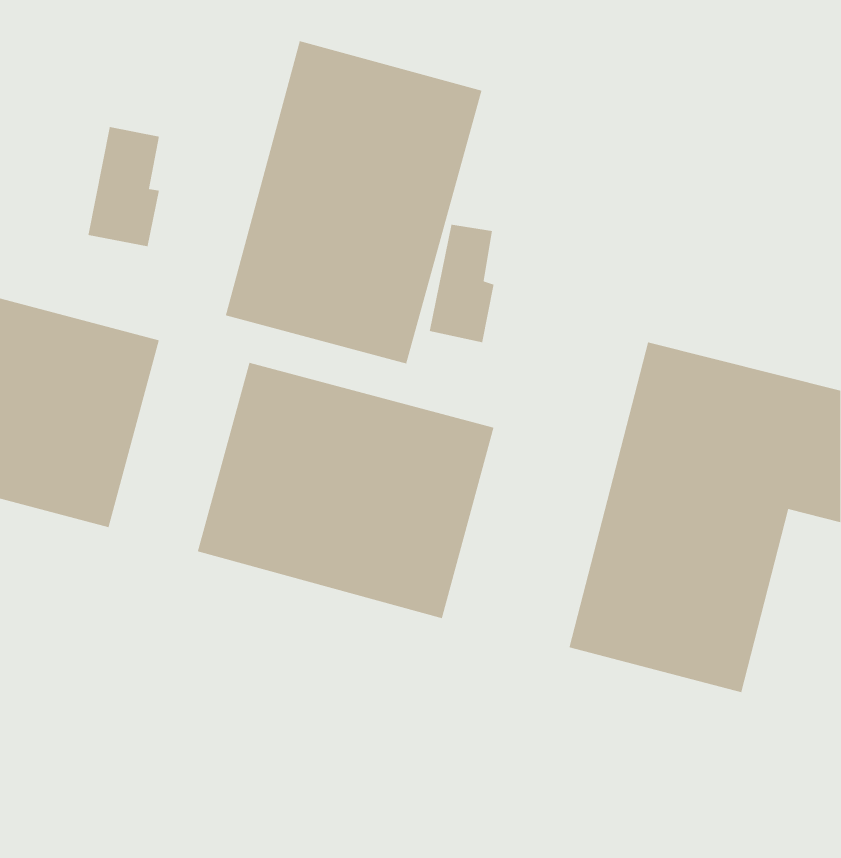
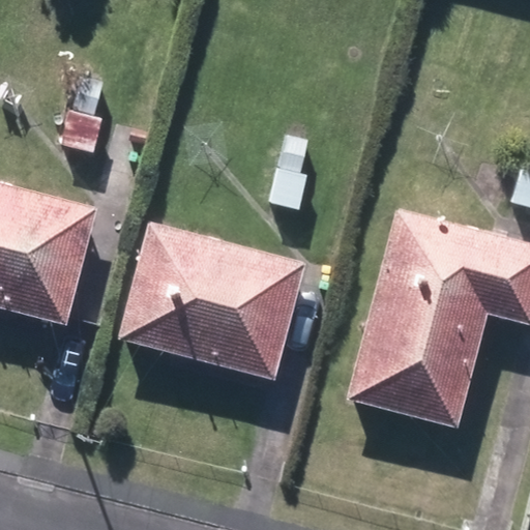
building: [225,40,483,365] -> none

